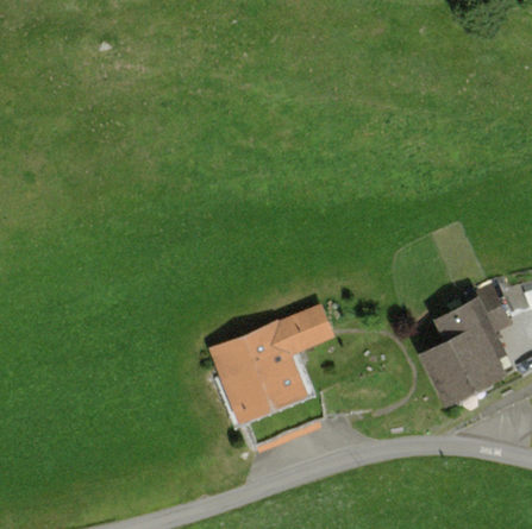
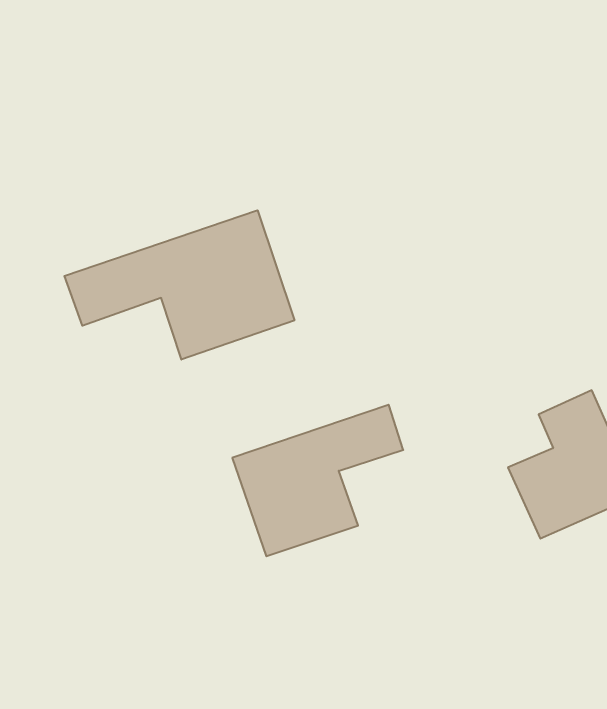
building: none -> [64,210,294,360]

